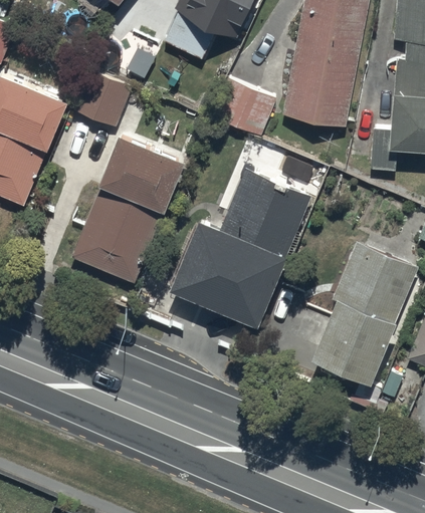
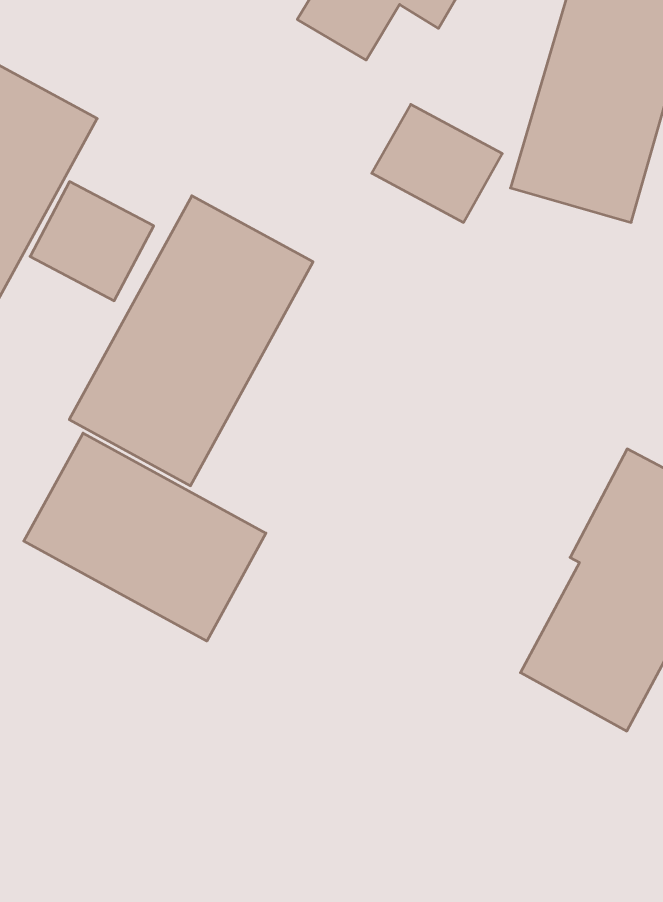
building: [70,68,132,126] -> [30,182,154,301]
building: [170,170,311,328] -> none
building: none -> [24,433,266,641]

